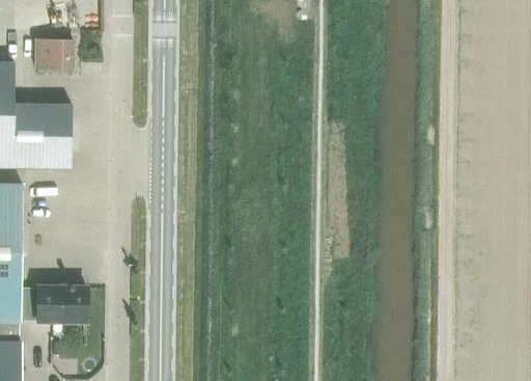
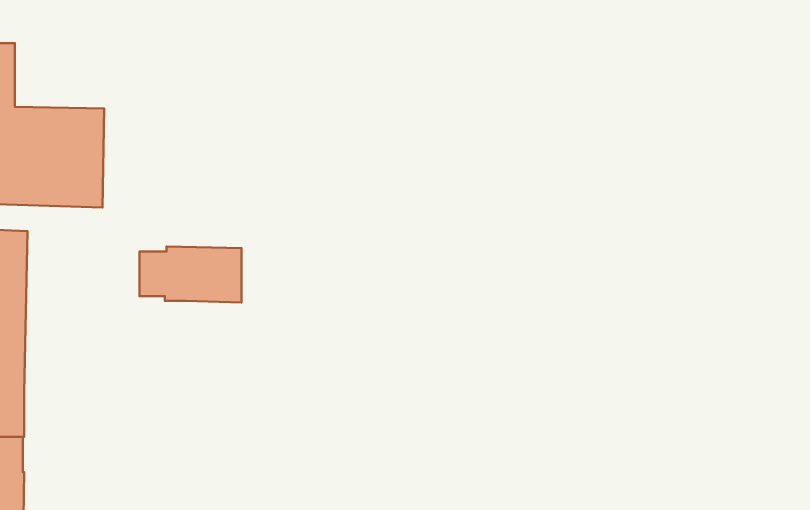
building: [35,39,73,76] -> none
building: [19,285,85,322] -> [139,247,242,302]

